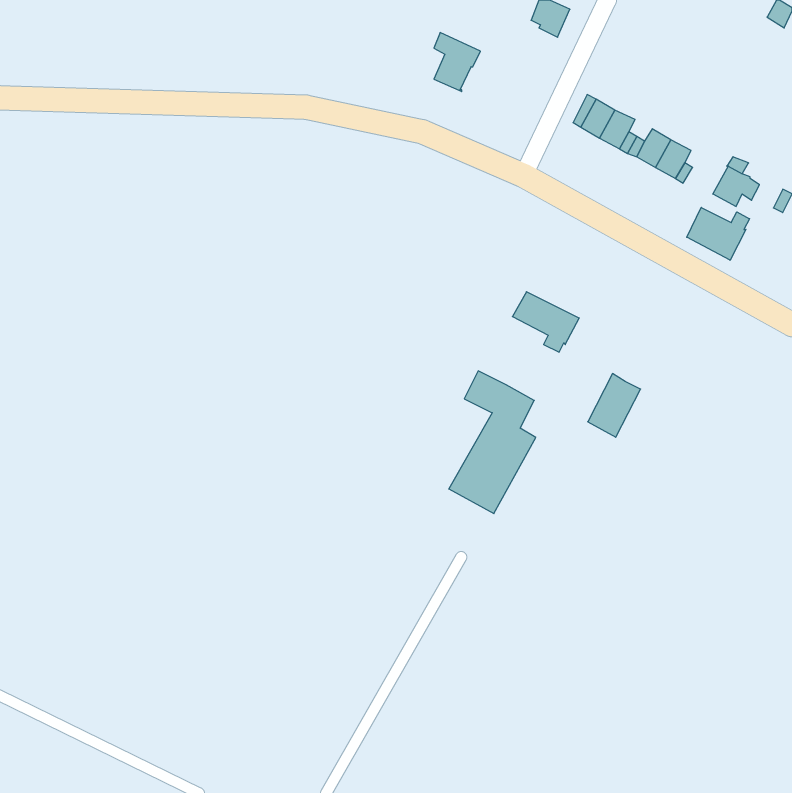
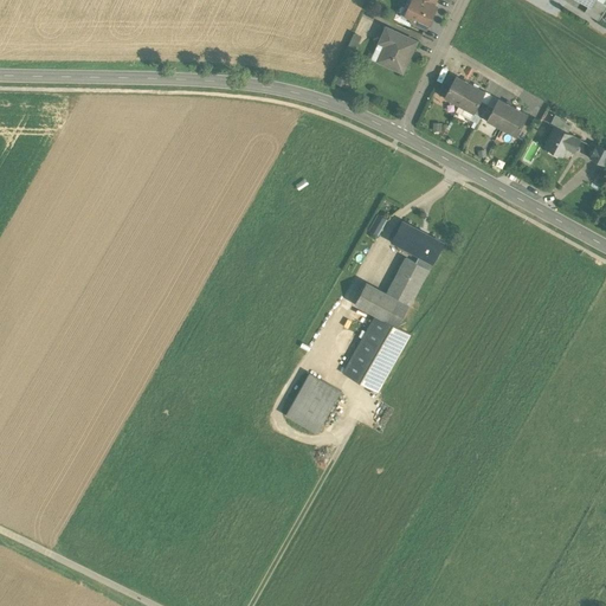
building: [434,33,480,92] -> [380,27,415,72]
building: [687,207,750,260] -> none
building: [588,374,641,437] -> [386,257,426,305]
building: none -> [284,373,340,433]

